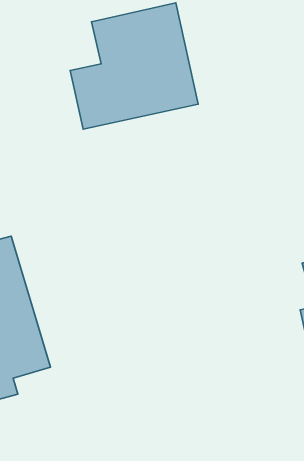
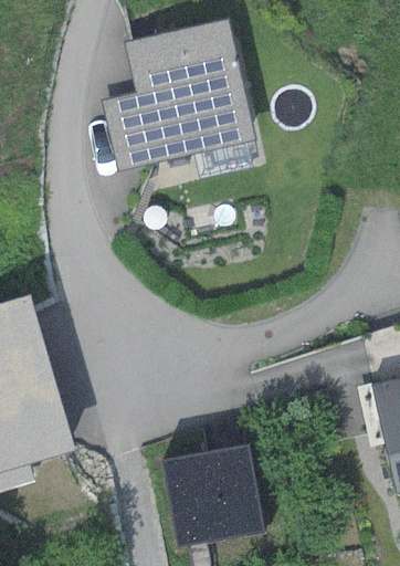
building: none -> [160,446,263,551]

